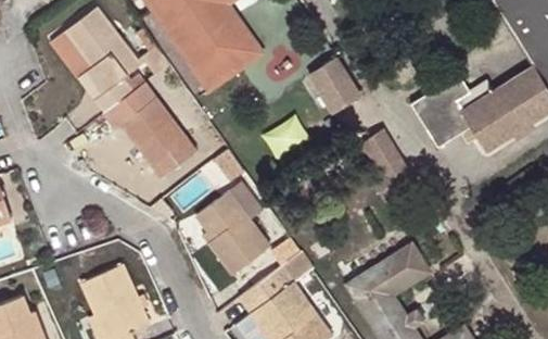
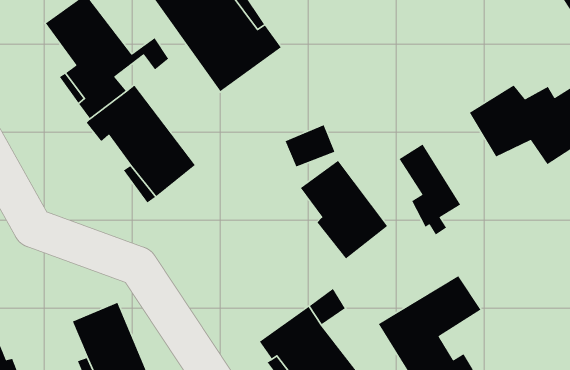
building: [307,58,360,113] -> none
building: [199,193,273,278] -> [300,160,388,259]

